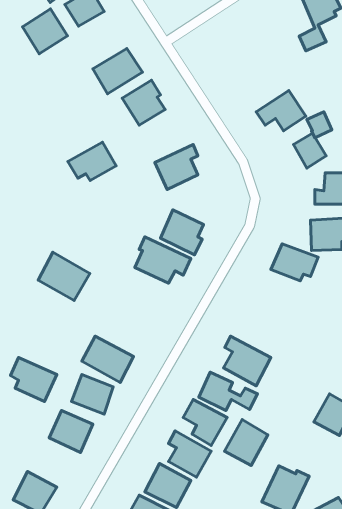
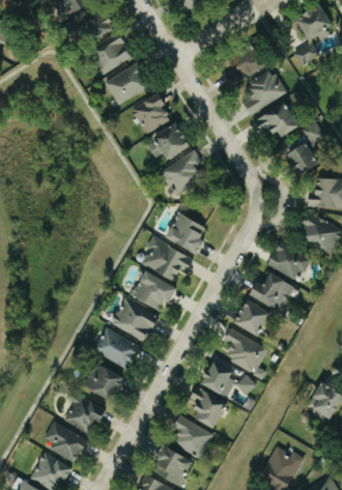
building: [22,9,67,54] -> [90,32,132,74]
building: none -> [225,45,265,84]
building: none -> [241,68,286,115]
building: [68,142,116,181] -> [145,124,190,160]
building: [38,252,90,301] -> [111,297,159,342]
building: none -> [132,270,177,308]
building: none -> [250,271,293,311]
building: none -> [234,299,270,336]
building: [11,358,57,402] -> [45,422,87,462]
building: [225,420,268,466] -> none

